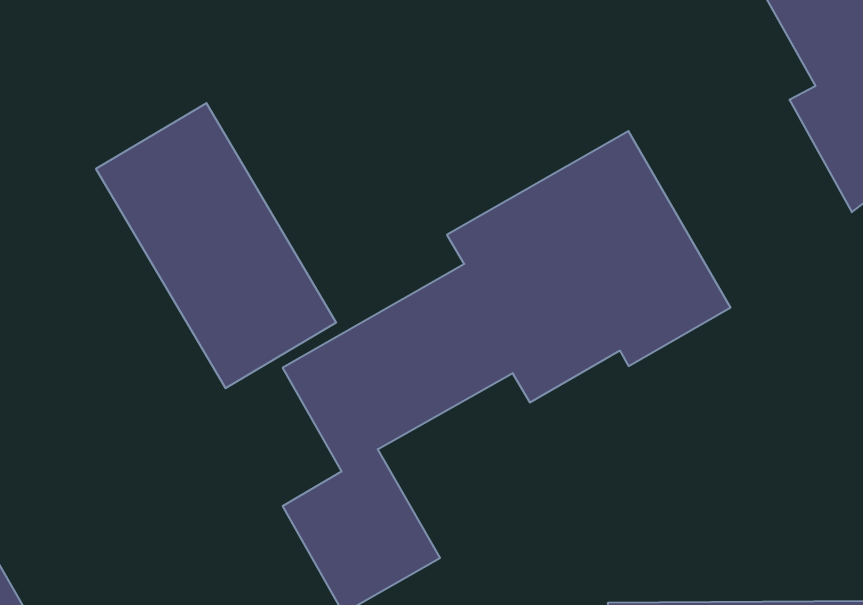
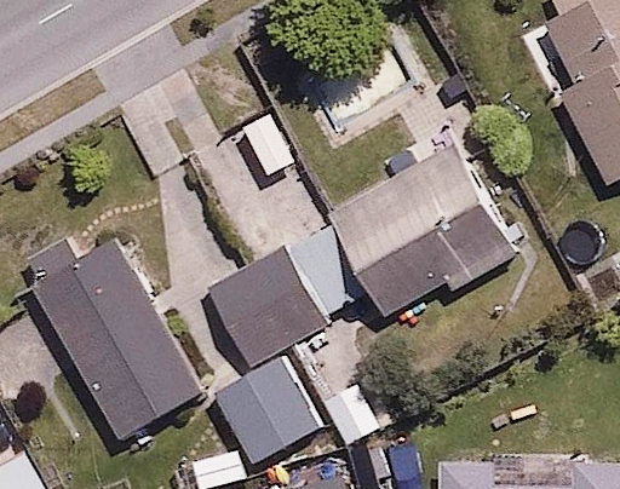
building: [96,103,336,388] -> [30,236,199,436]

